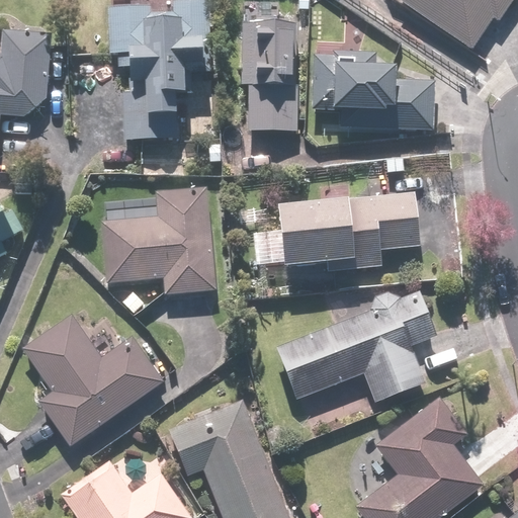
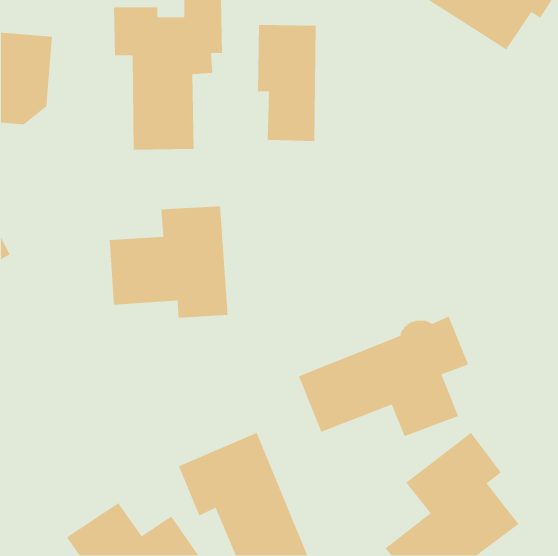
building: [311,52,433,128] -> none
building: [274,195,418,274] -> none
building: [22,316,164,446] -> none

